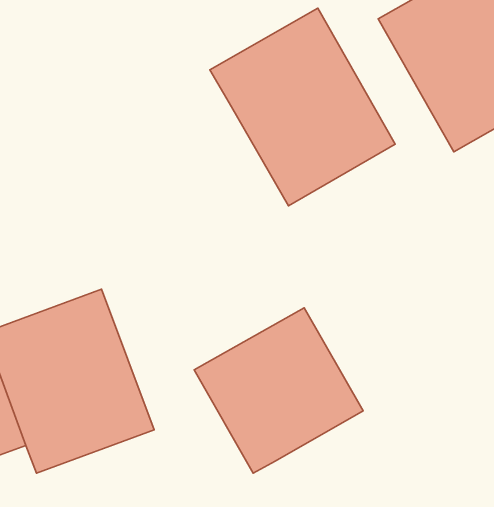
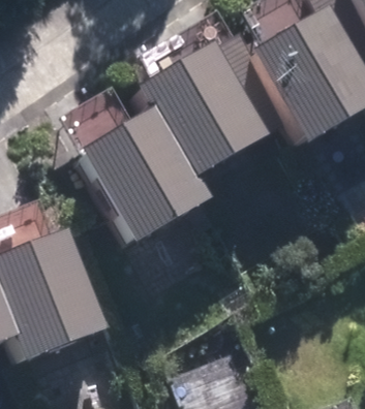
building: none -> [83,108,209,240]
building: [194,308,363,473] -> none

